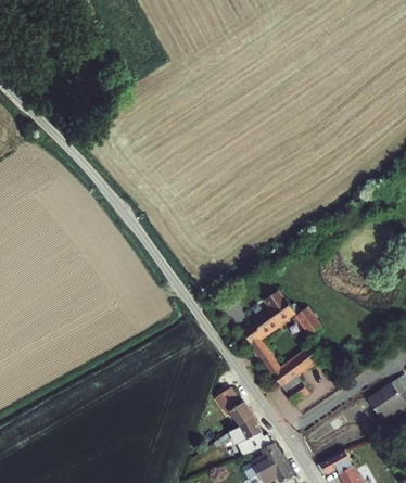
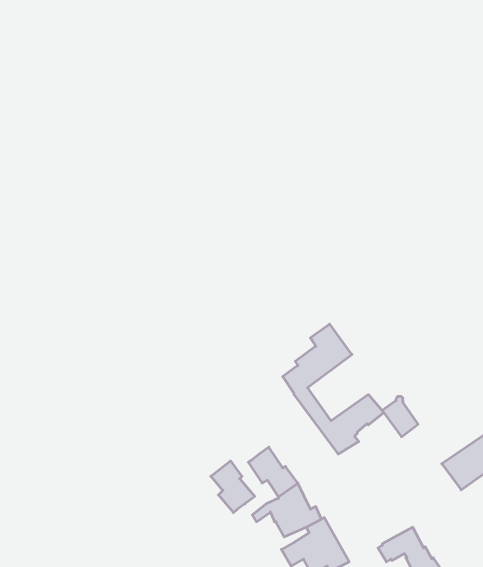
building: [294,305,322,336] -> [382,397,418,437]
building: none -> [211,461,255,513]

